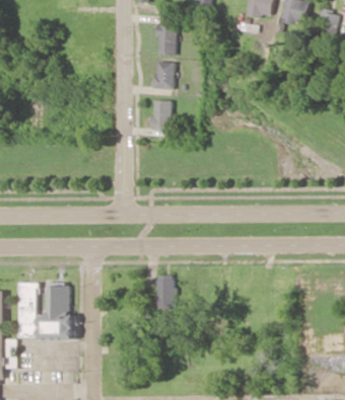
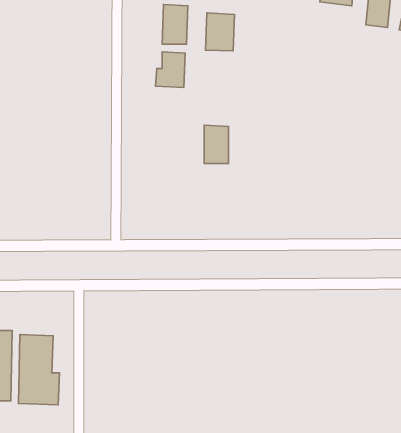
building: none -> [206,13,234,51]
building: [149,99,168,130] -> [204,125,229,163]
building: [155,274,172,308] -> none

